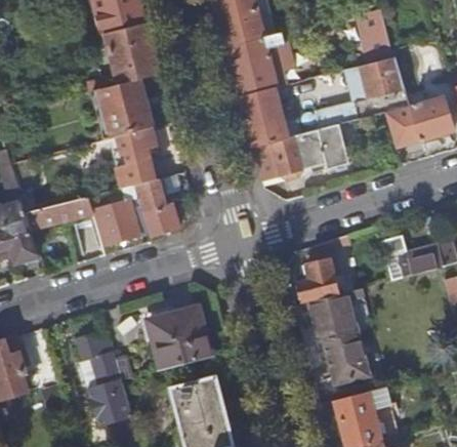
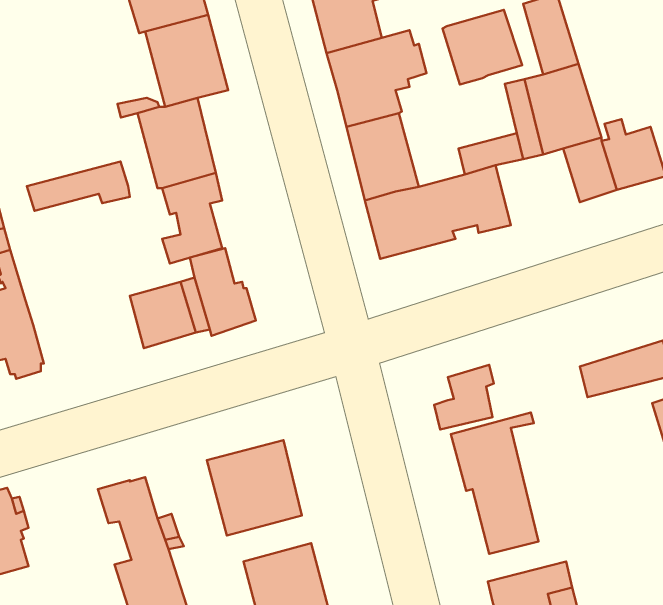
building: none -> [443,10,522,85]
building: [25,196,93,229] -> [27,162,130,211]

